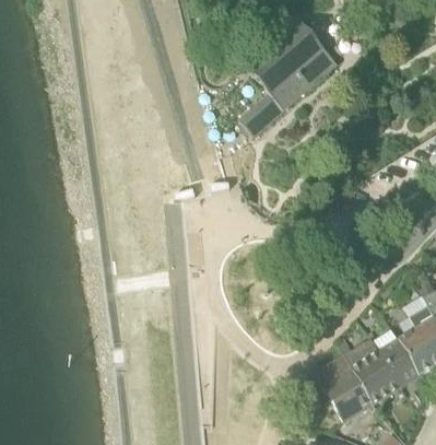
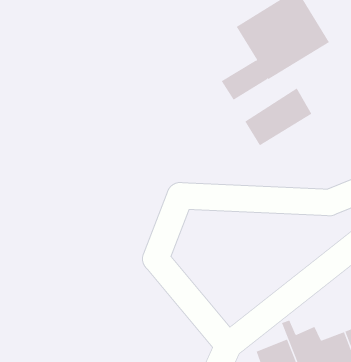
building: none -> [245,88,312,146]

